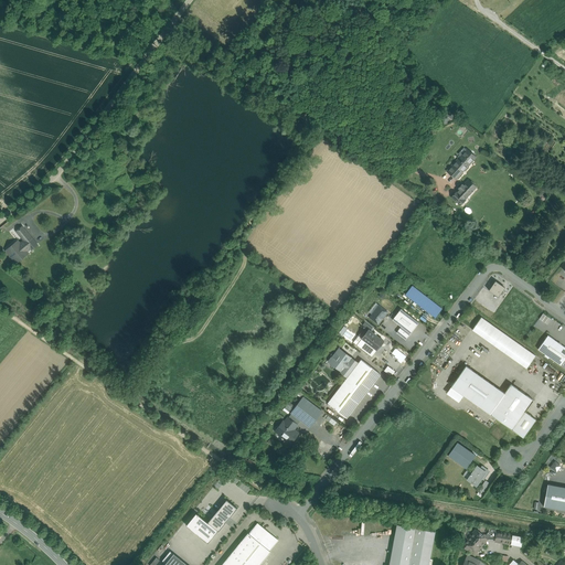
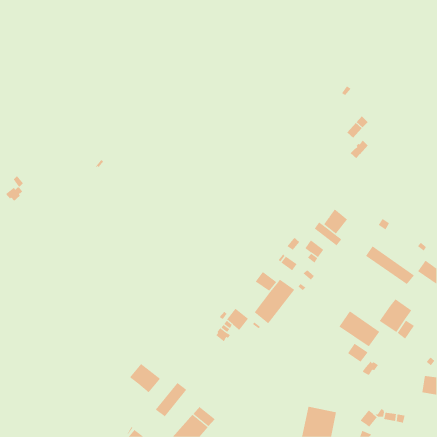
building: none -> [323,209,348,235]
building: [449,366,503,414] -> [338,310,380,347]
building: none -> [129,363,161,393]

